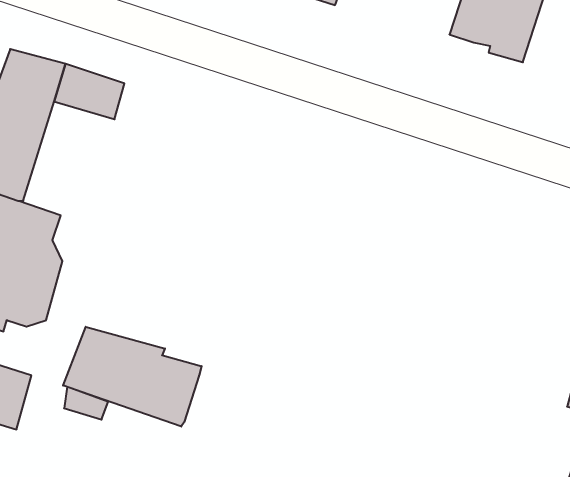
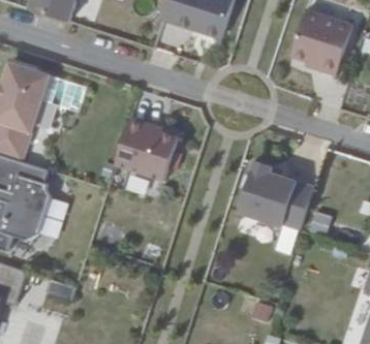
building: none -> [114,118,175,181]
building: none -> [238,162,313,229]
building: [63,327,202,427] -> none

